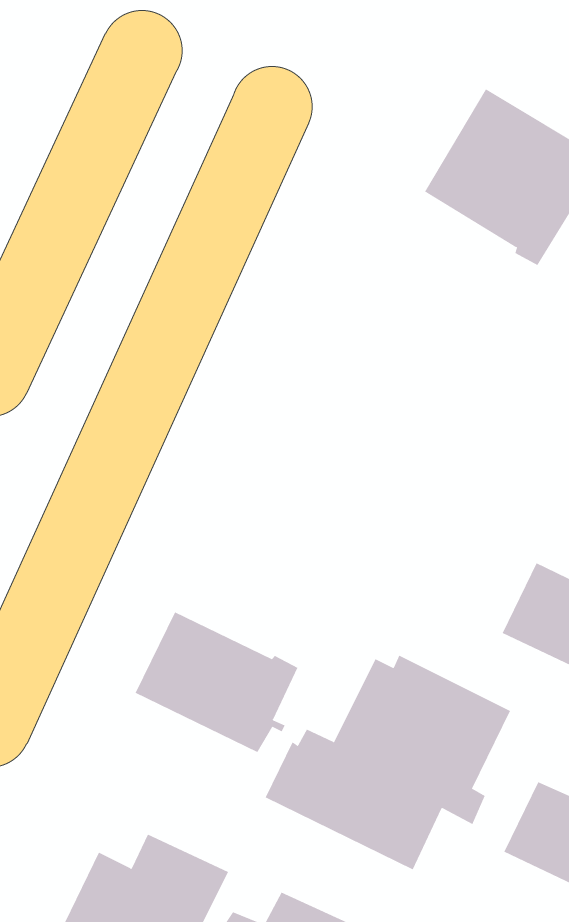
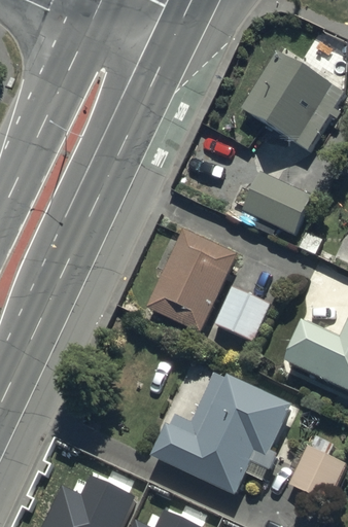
building: none -> [220,172,312,234]
building: none -> [147,230,270,342]
building: [135,612,298,753] -> none

